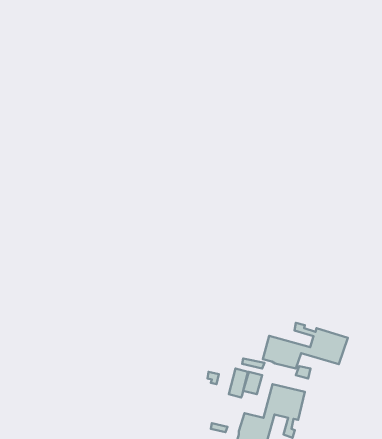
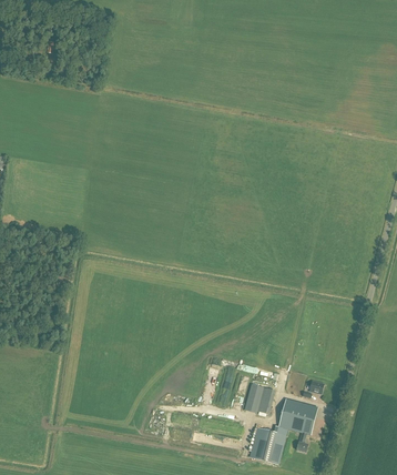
building: [263,323,348,369] -> none

